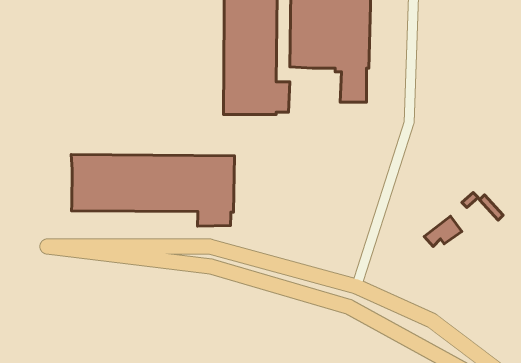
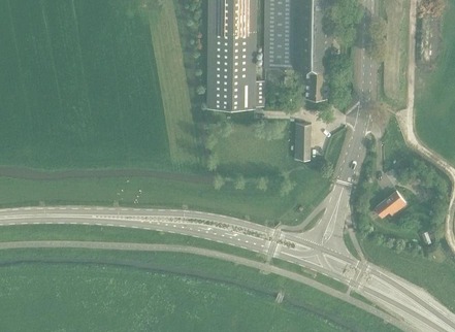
building: none -> [293,125,310,161]
building: [71,155,235,226] -> none

